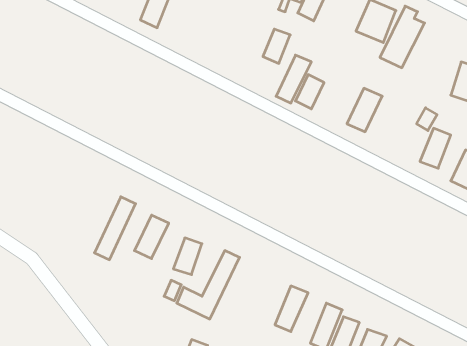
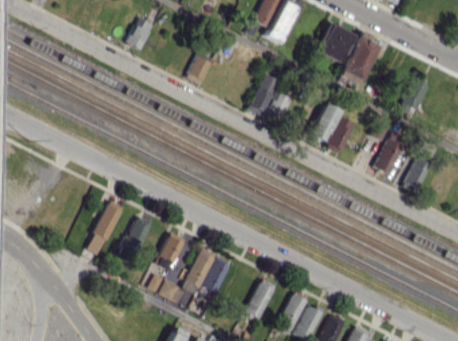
building: [263,29,290,63] -> [187,54,211,84]
building: none -> [328,116,354,153]
building: none -> [200,259,230,296]

